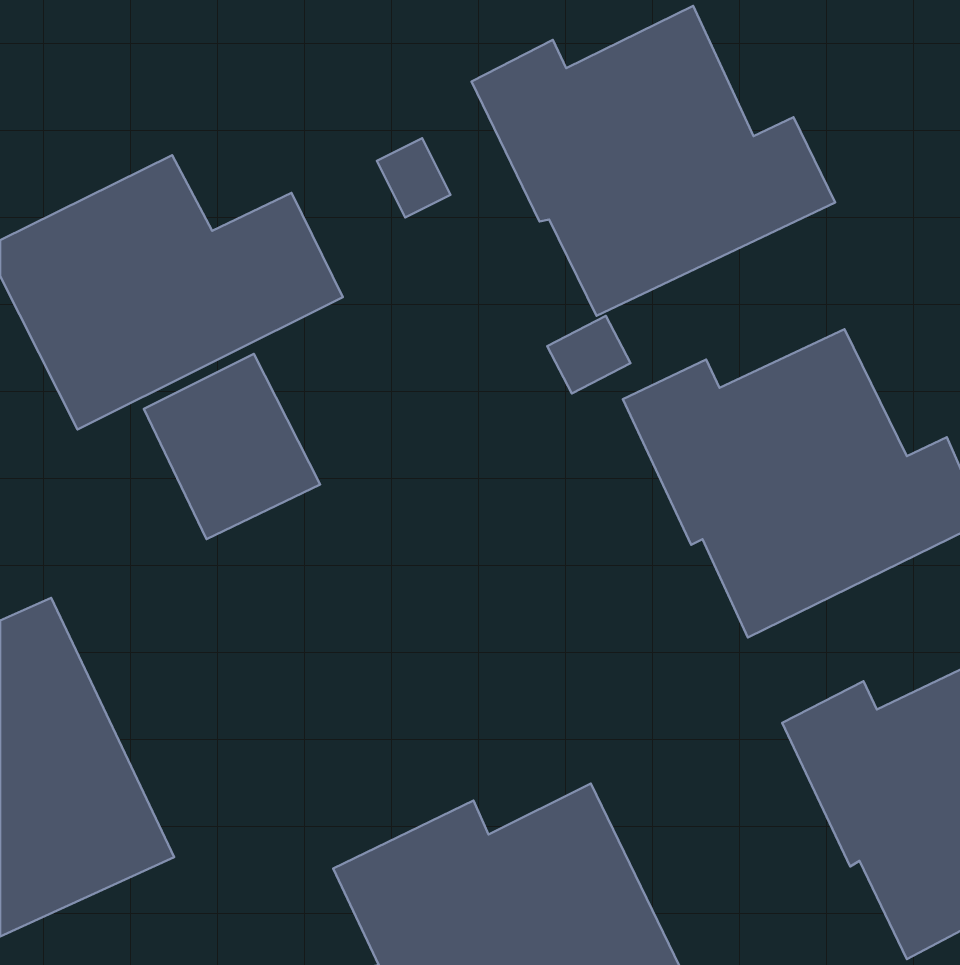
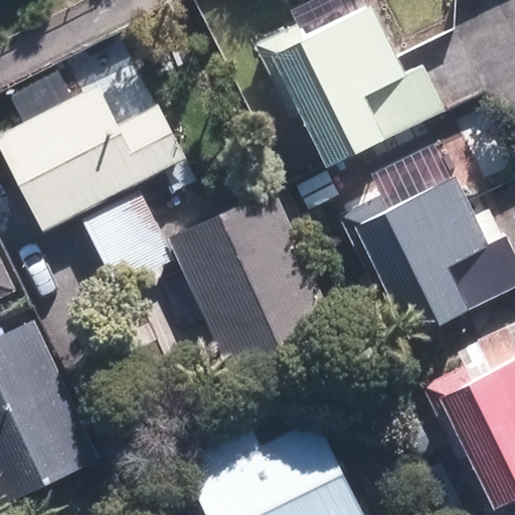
building: none -> [166,186,337,378]

